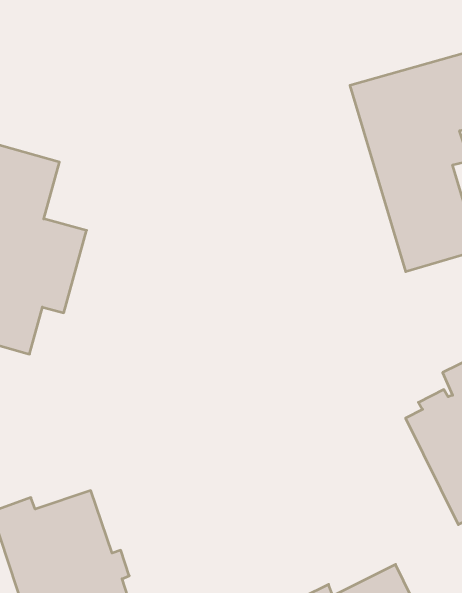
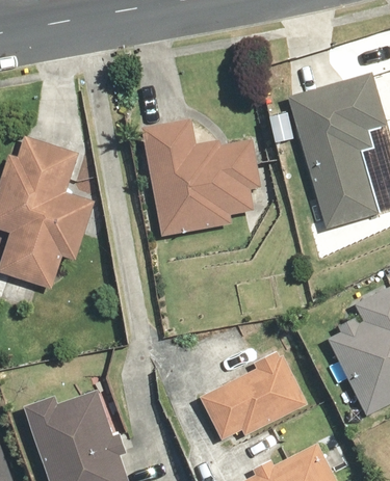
building: none -> [140,117,259,239]
building: none -> [201,349,307,440]

